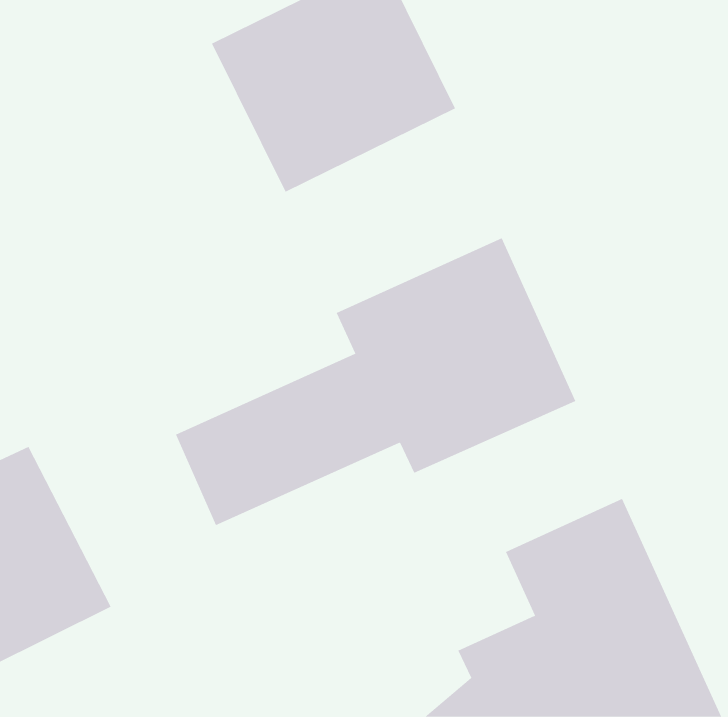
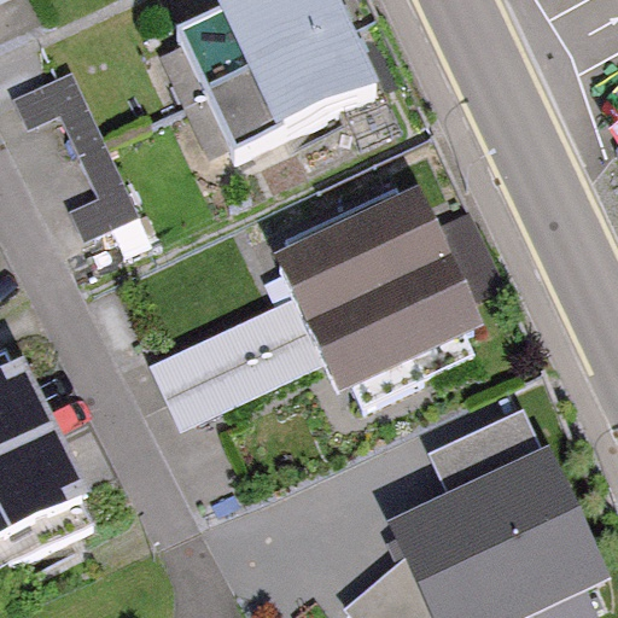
building: none -> [23,71,138,233]

